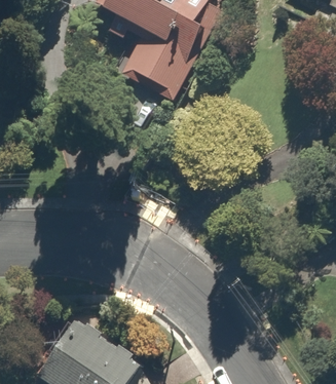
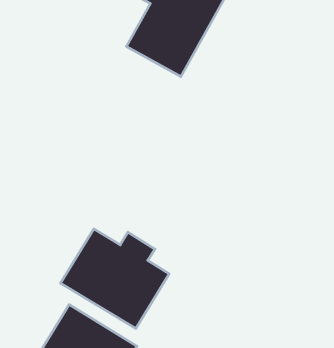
building: none -> [61,229,169,328]

